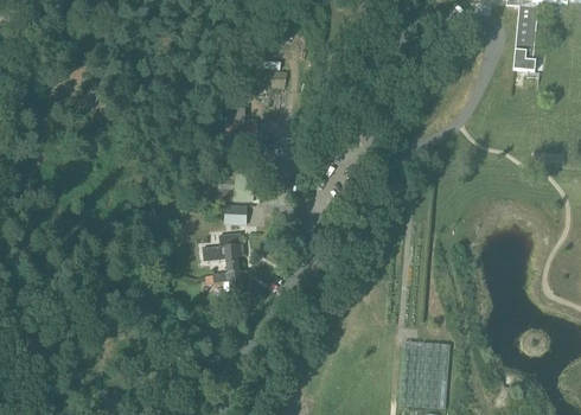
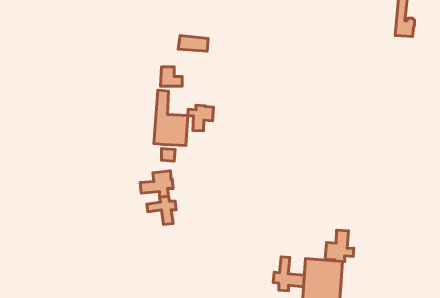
building: none -> [188,105,214,131]
building: none -> [325,230,354,261]
building: none -> [273,257,304,291]

